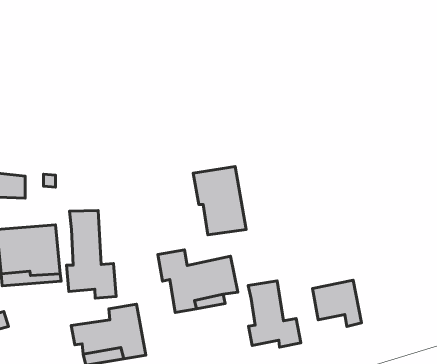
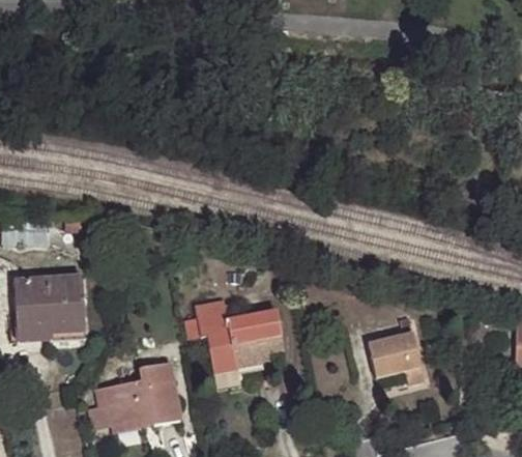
building: [193,167,246,235] -> none
building: [67,210,116,298] -> none
building: [248,281,301,347] -> none

